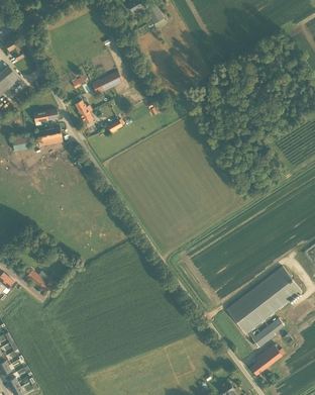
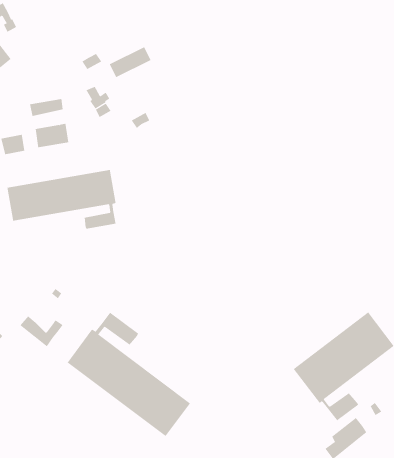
building: none -> [7,169,116,230]
building: none -> [67,312,191,437]

